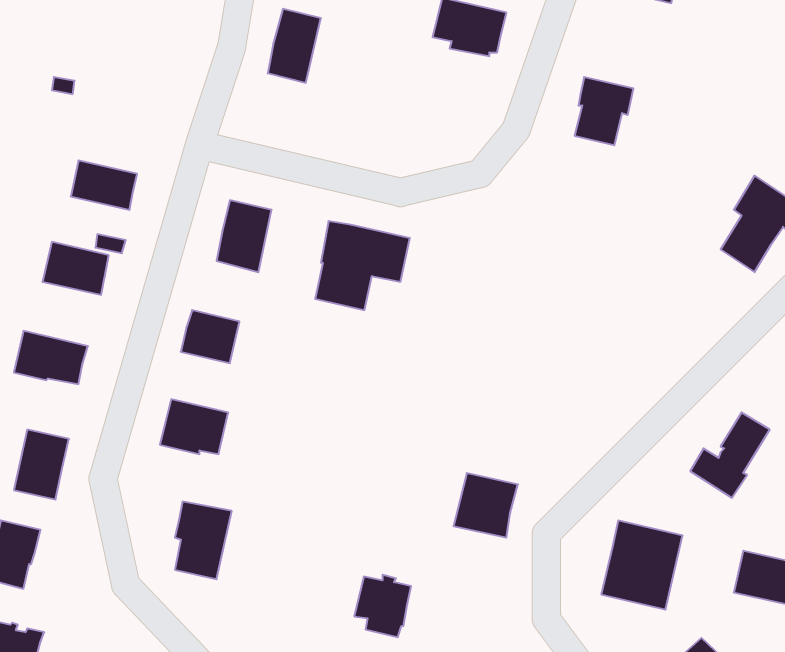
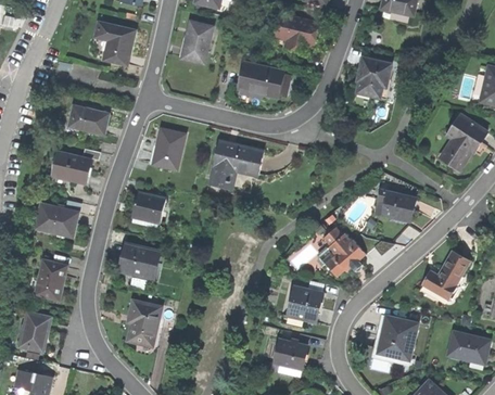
building: none -> [94,21,131,63]
building: none -> [237,61,281,94]
building: none -> [376,190,415,220]
building: none -> [317,225,381,276]
building: [354,575,411,637] -> [275,339,307,374]

